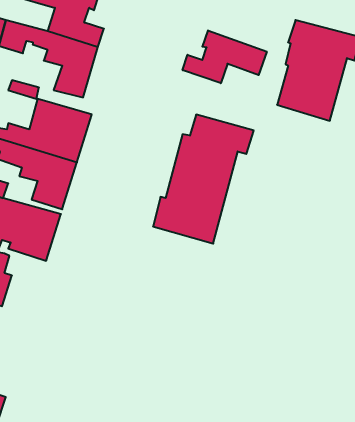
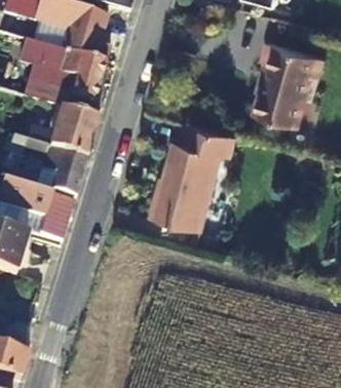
building: [183,30,267,83] -> none

